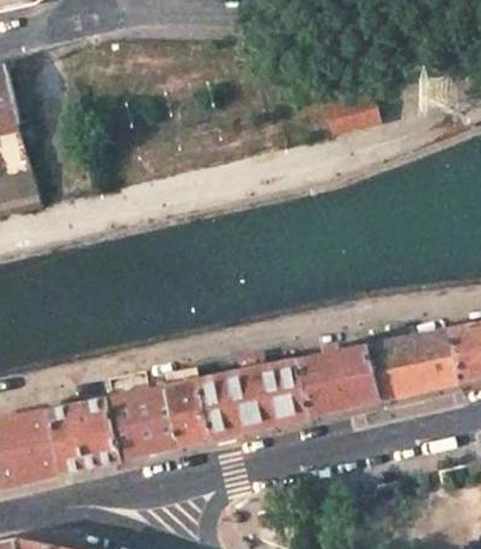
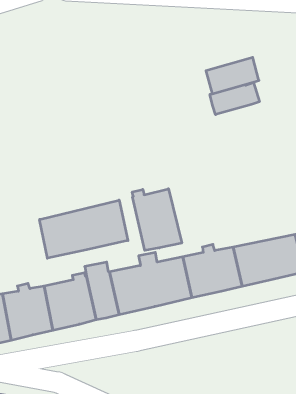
building: none -> [210,83,259,115]
building: none -> [132,189,182,250]
building: none -> [40,200,128,258]

